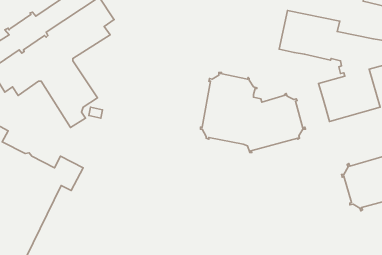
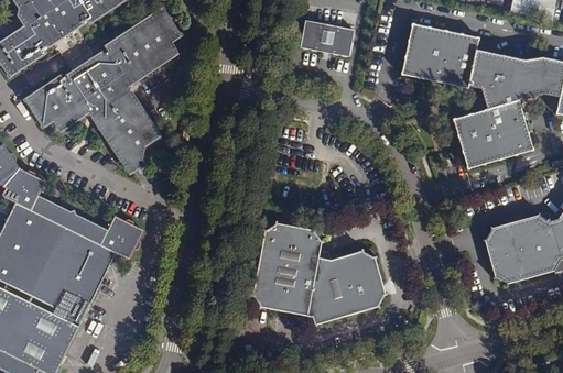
building: none -> [299,19,354,56]
building: [200,73,306,153] -> [250,220,388,325]

